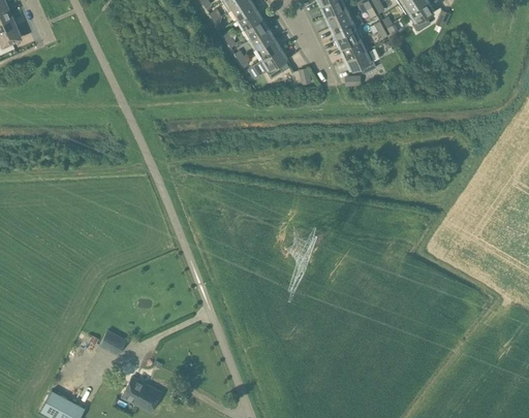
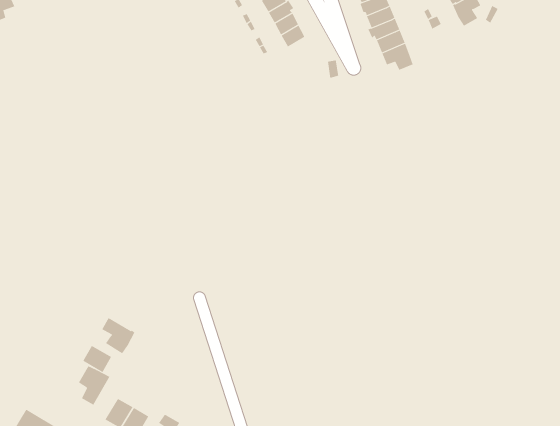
building: [259,49,286,78] -> none
building: none -> [102,317,135,354]
building: none -> [78,365,110,405]

